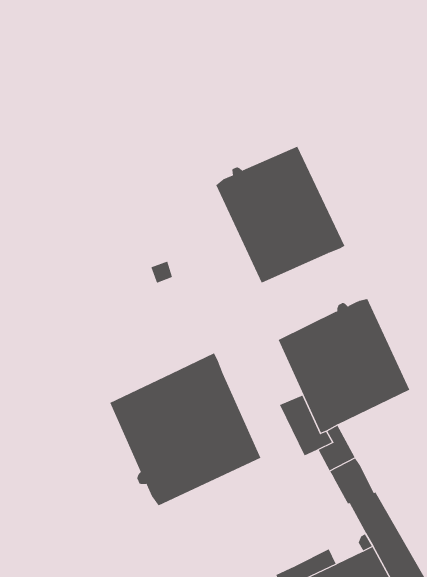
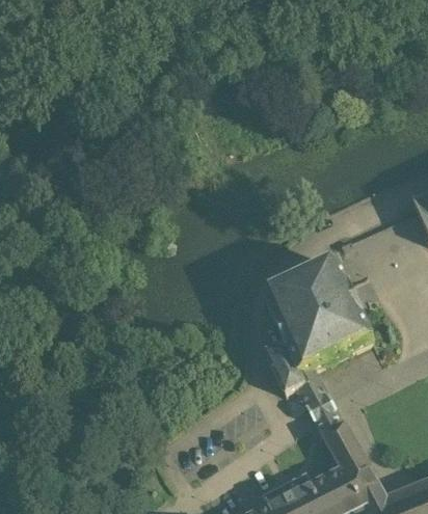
building: [215,146,345,283] -> none
building: [109,352,261,506] -> none

